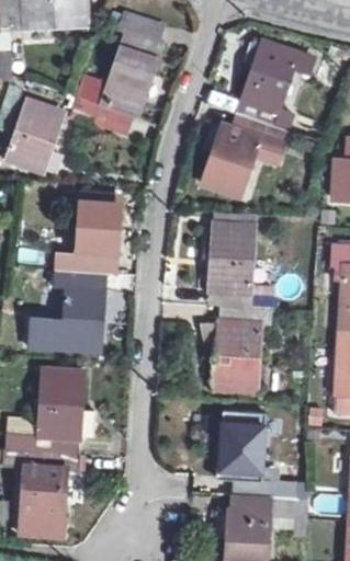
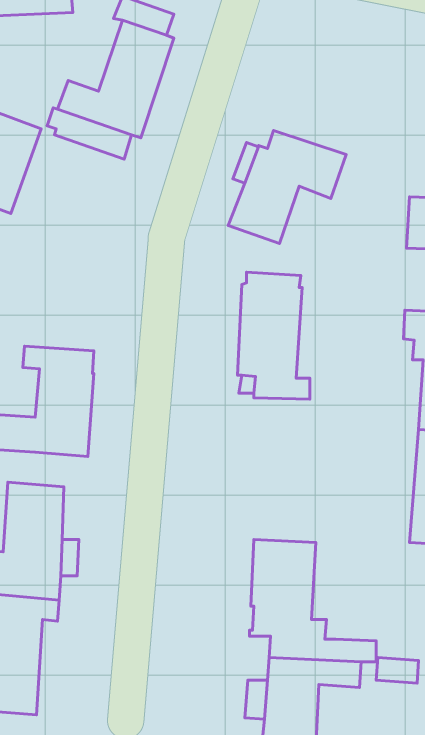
building: [235,39,313,130] -> none
building: [54,195,121,273] -> none
building: [201,307,271,391] -> none

